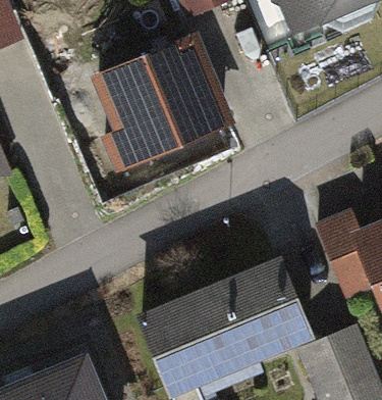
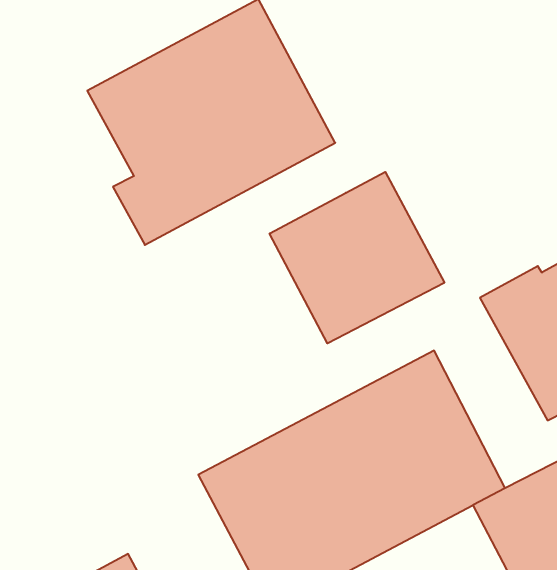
building: none -> [270,172,444,343]

